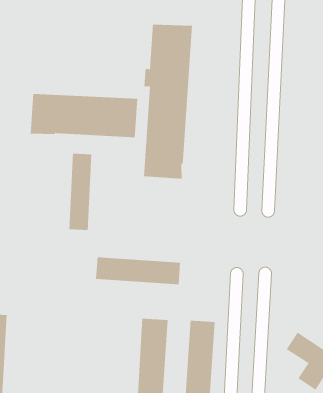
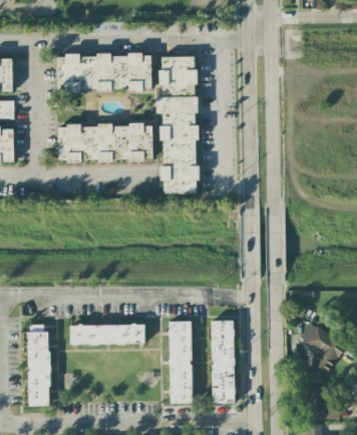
building: none -> [57,54,151,91]
building: [69,153,92,231] -> none
building: [95,257,181,285] -> [69,324,144,344]

